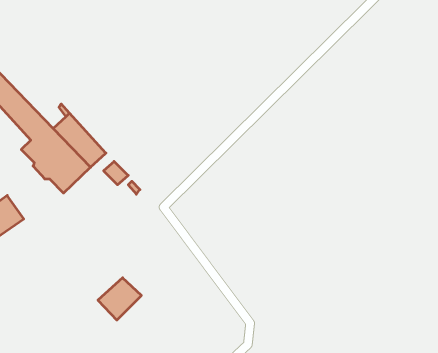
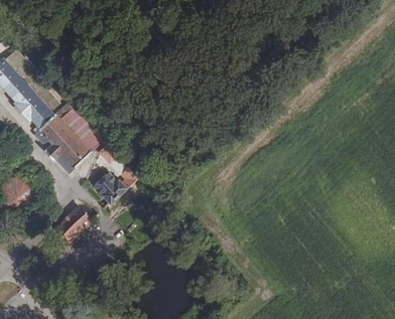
building: none -> [96,171,139,201]
building: [98,278,141,320] -> [54,206,92,243]

